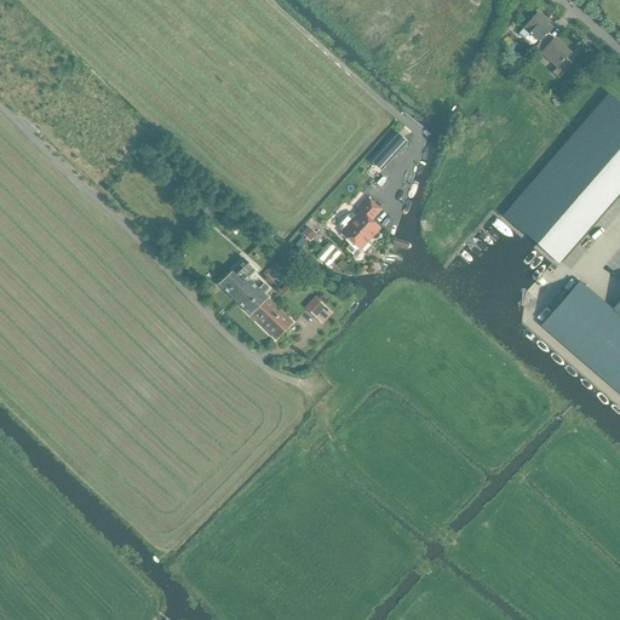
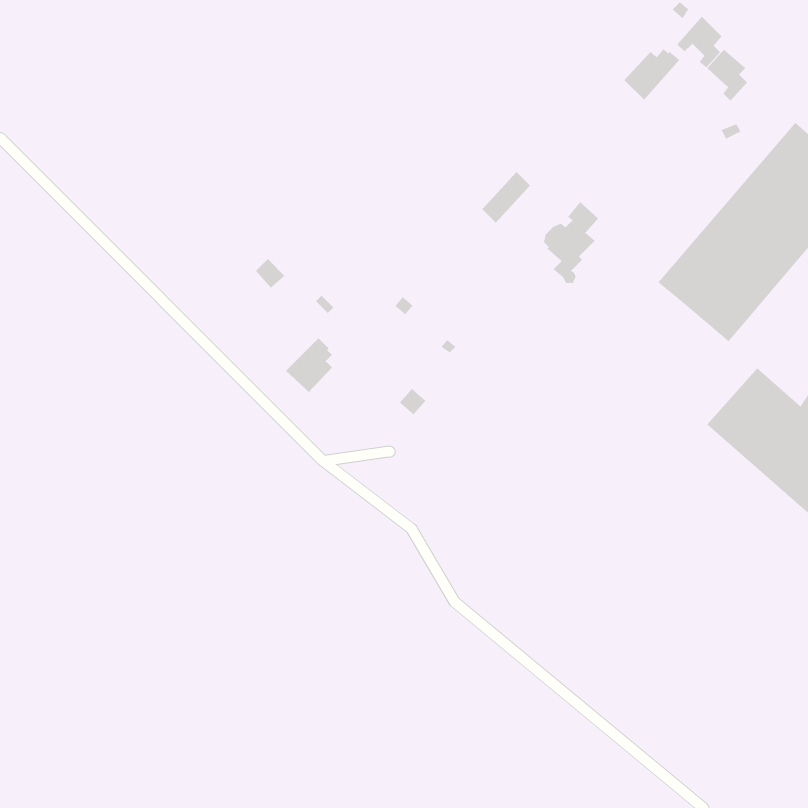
building: none -> [623,49,680,100]
building: [339,196,381,259] -> [543,201,599,283]
building: [237,281,293,339] -> none

